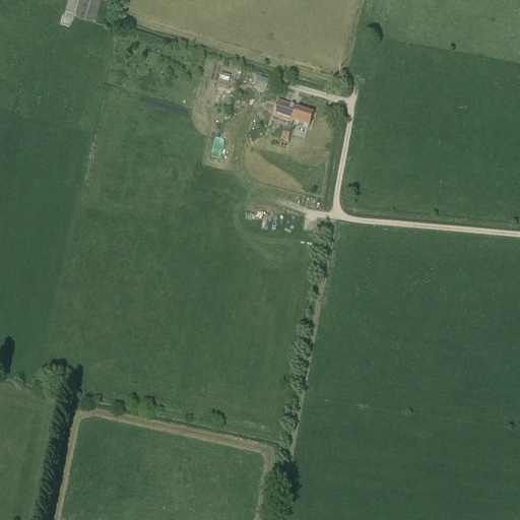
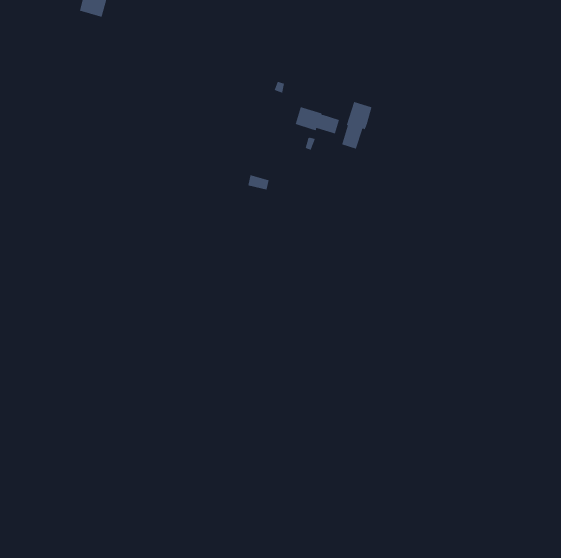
building: none -> [341,101,372,149]

